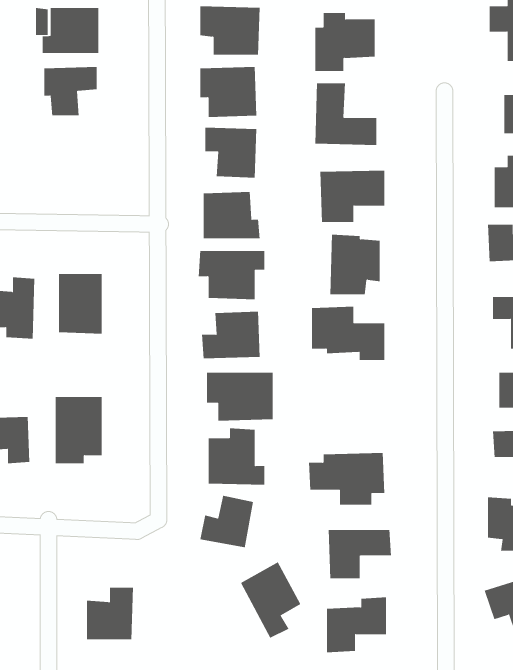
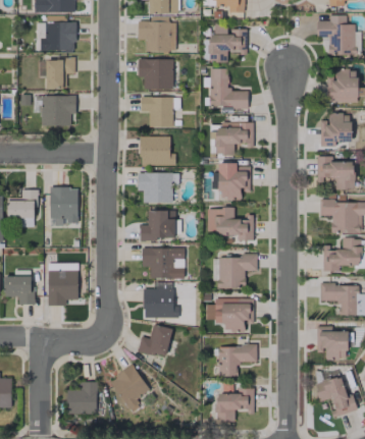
building: none -> [41,95,75,125]
building: none -> [218,255,257,288]
building: [240,561,301,639] -> [110,365,148,413]

